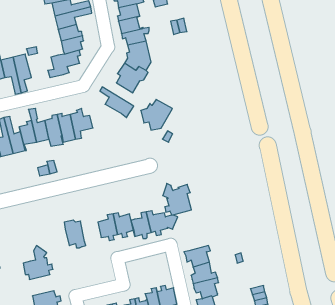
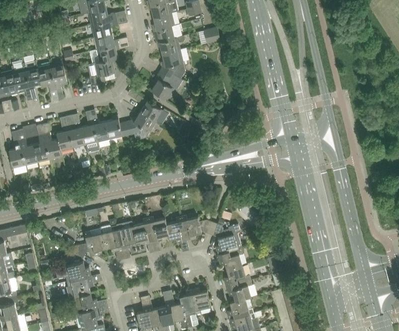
building: [141,99,172,130] -> [125,111,156,141]
building: [163,183,191,215] -> [213,223,241,254]
building: none -> [116,220,136,248]
building: none -> [73,231,105,256]
building: none -> [66,277,93,298]

